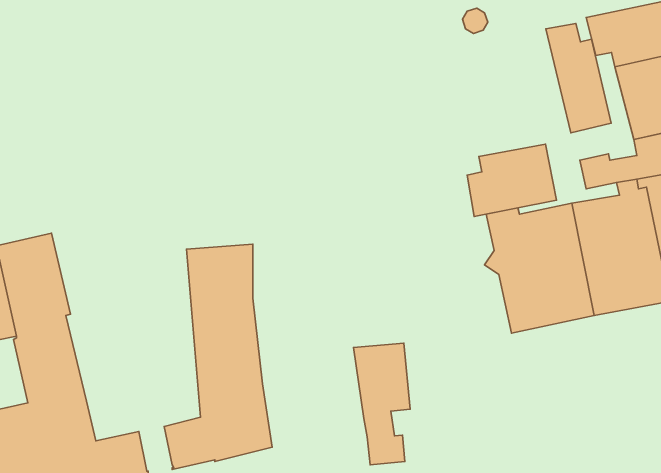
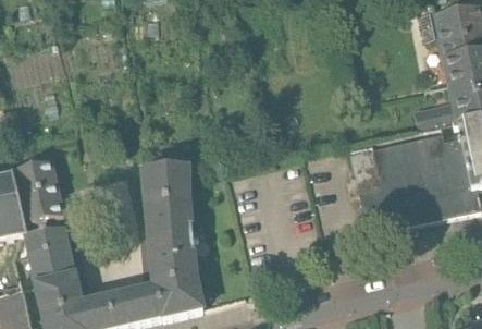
building: [546,23,611,133] -> none
building: [467,144,557,216] -> none
building: [354,343,410,465] -> none

